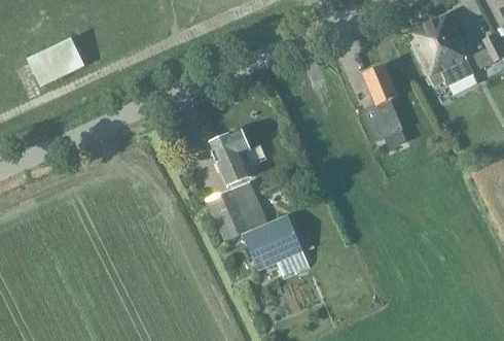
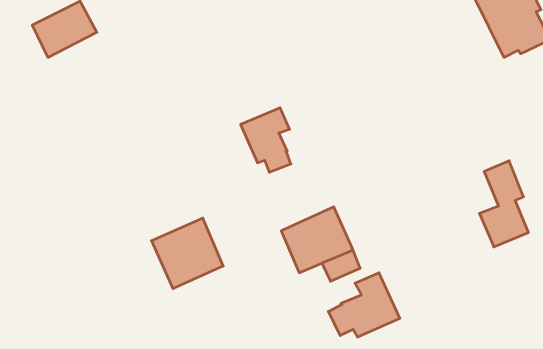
building: [360,65,402,139] -> [479,161,528,247]
building: [207,180,268,241] -> [151,218,223,289]
building: none -> [328,273,400,337]

